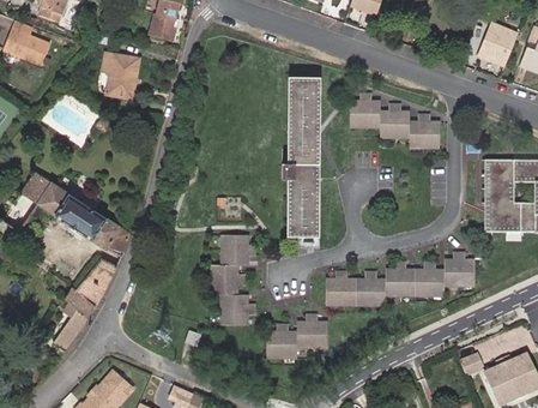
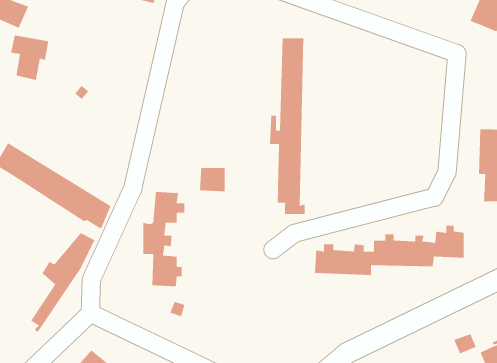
building: [104,53,141,97] -> [10,35,49,81]
building: [352,90,440,145] -> none
building: [214,229,255,322] -> [143,191,185,287]
building: [267,311,326,353] -> none

